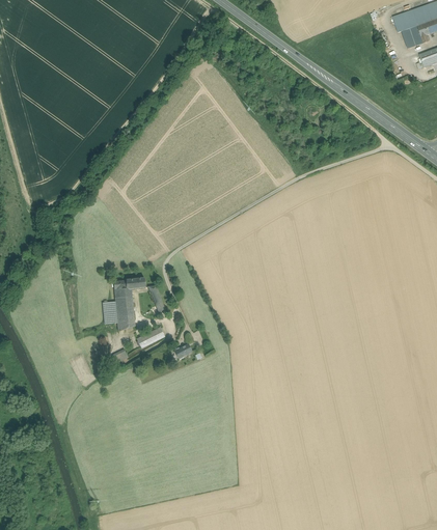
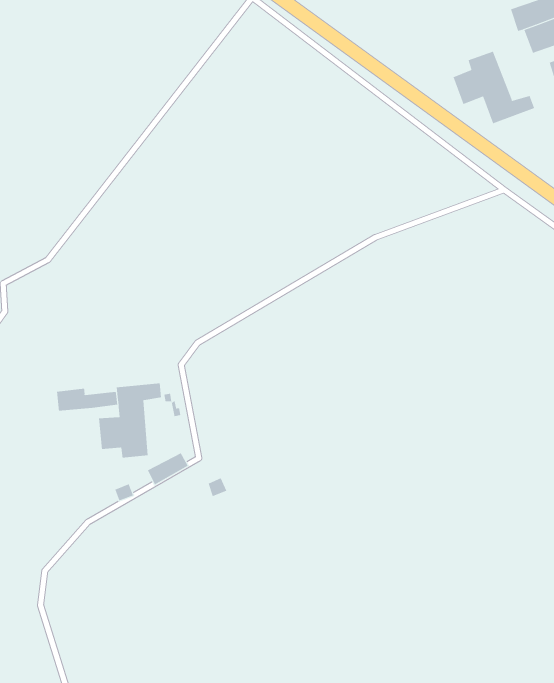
building: none -> [453,51,535,124]
building: none -> [56,388,118,412]

